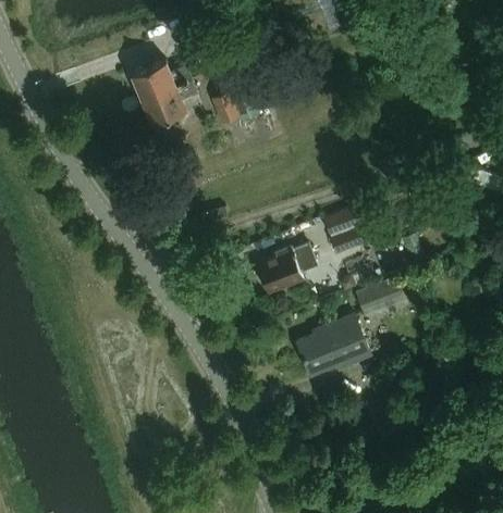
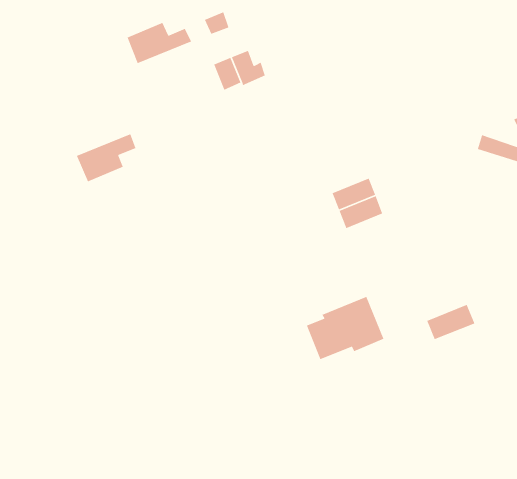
building: [140,79,197,125] -> [76,133,137,182]
building: [256,245,316,293] -> none
building: [354,279,400,313] -> [426,304,475,340]

